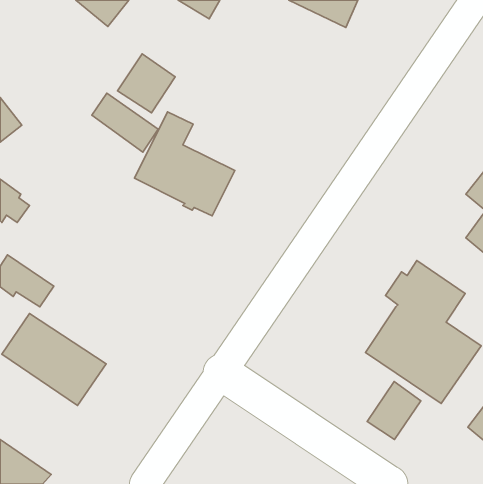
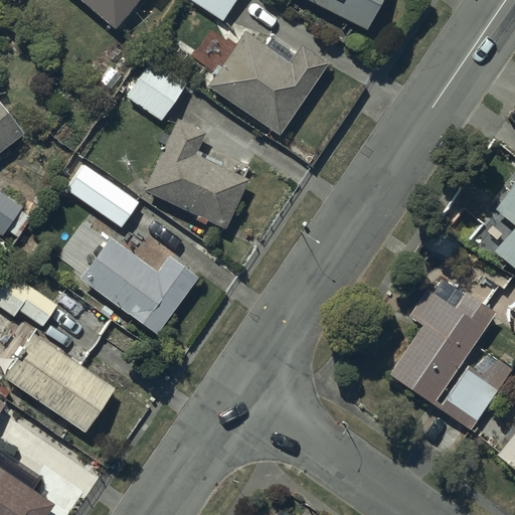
building: none -> [207,31,329,135]
building: [92,93,158,152] -> [67,165,138,227]
building: none -> [70,229,197,333]
building: [367,382,421,440] -> none

